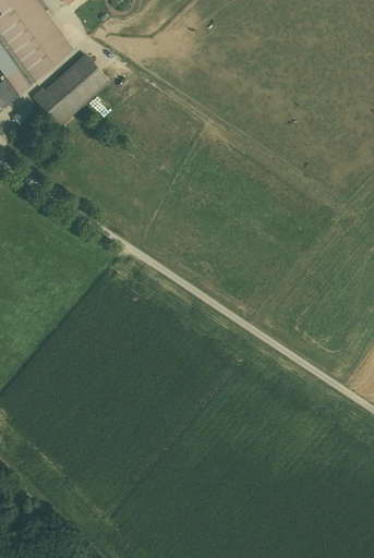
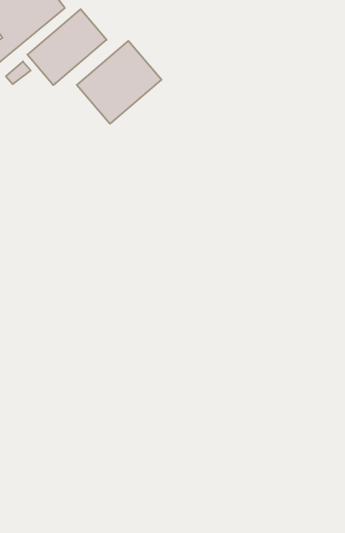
building: none -> [77,41,161,124]

